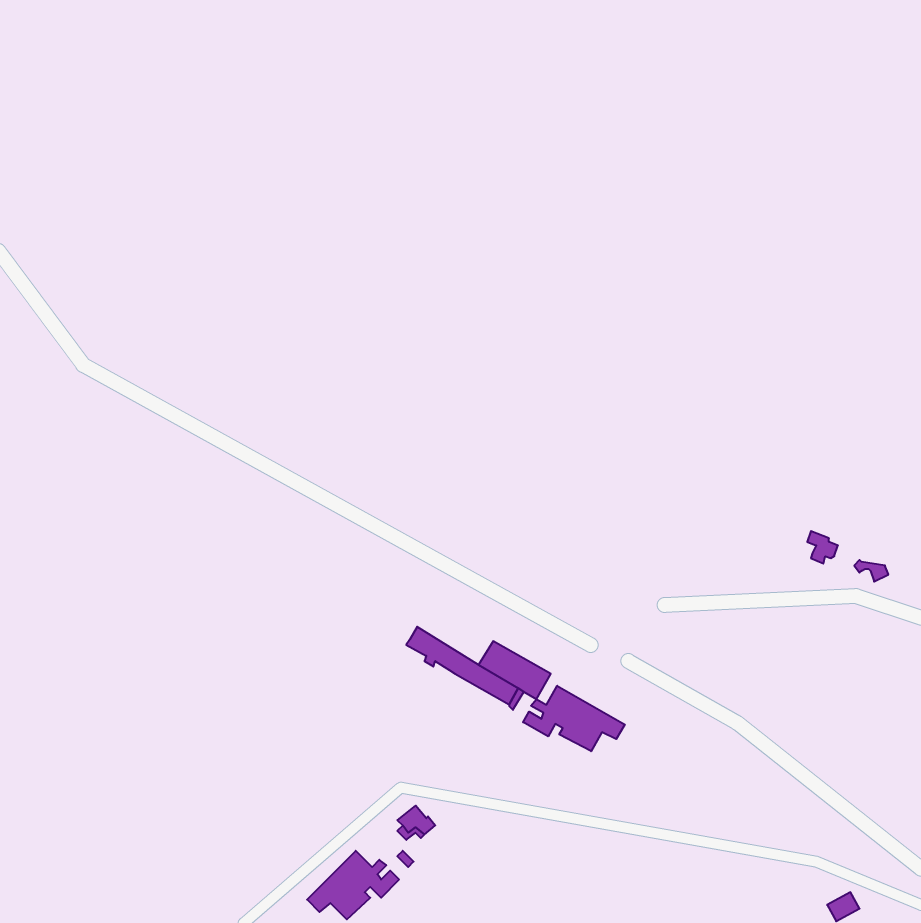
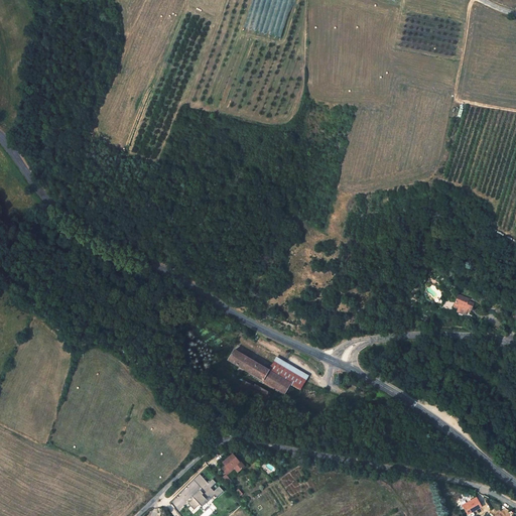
building: [523,686,625,751] -> none

